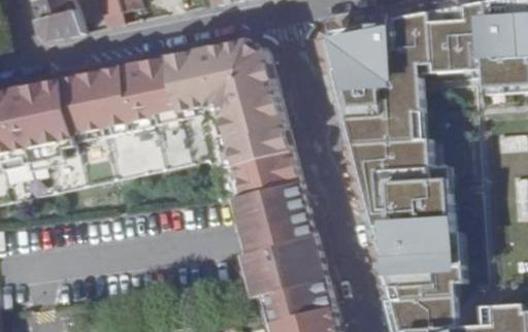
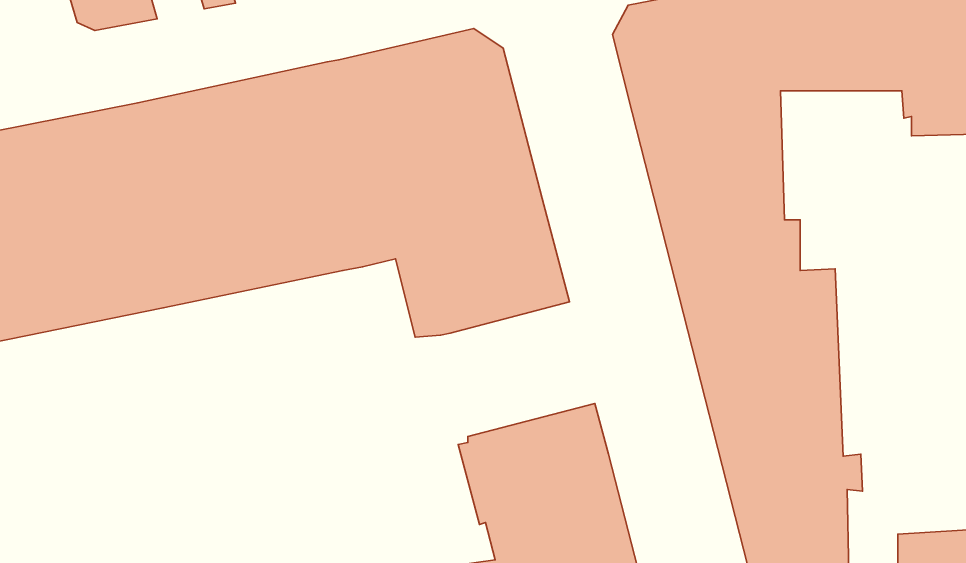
building: [233,181,315,253] -> none

